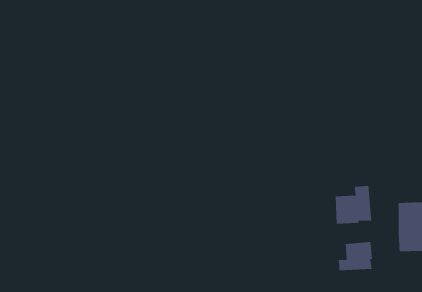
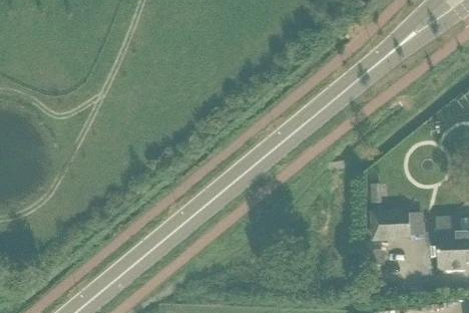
building: [338,241,373,271] -> none

